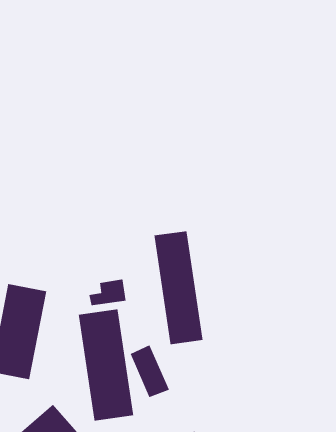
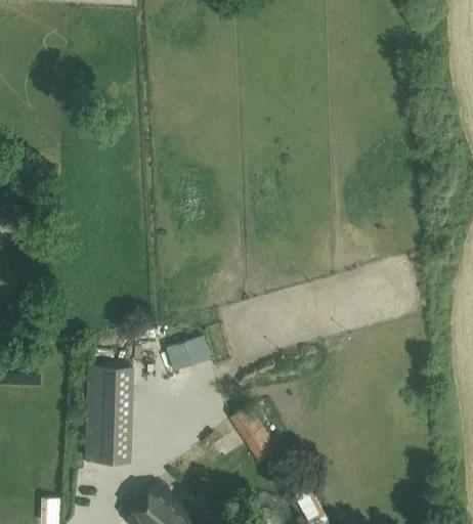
building: [154,230,203,345] -> none
building: [78,309,134,421] -> none

